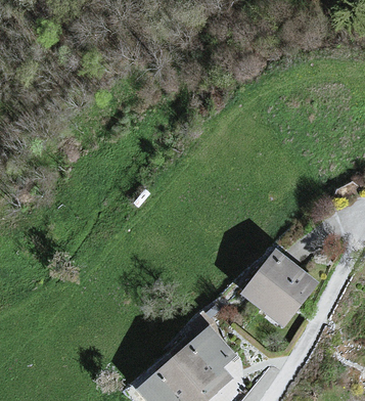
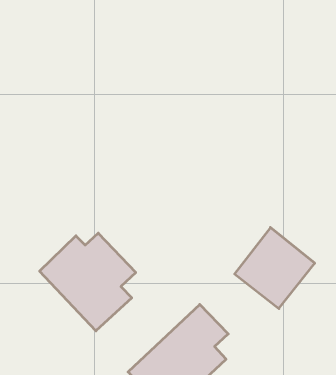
building: none -> [40,233,136,331]

